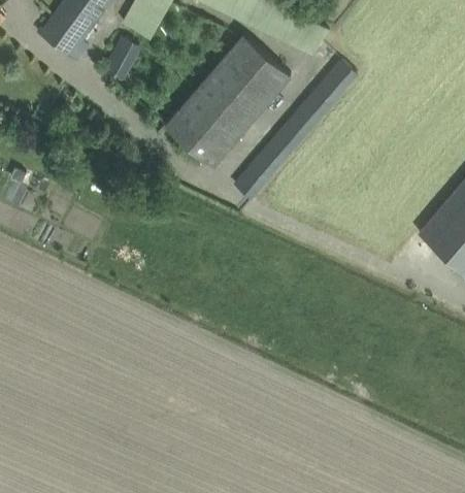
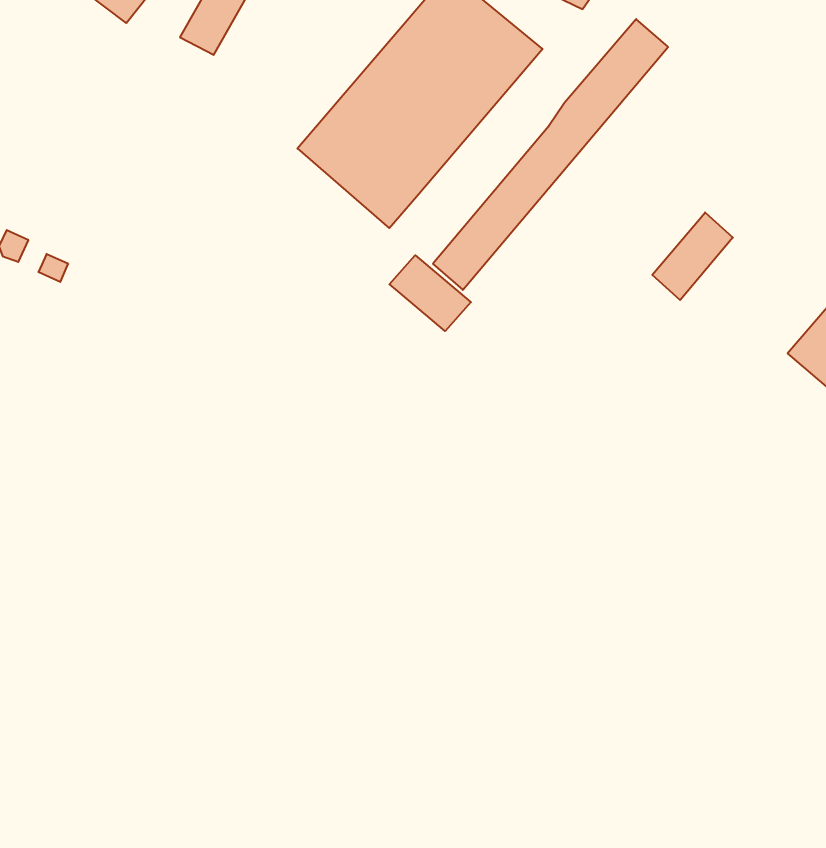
building: none -> [652,212,733,300]
building: none -> [389,255,471,331]

